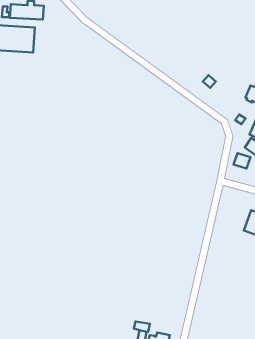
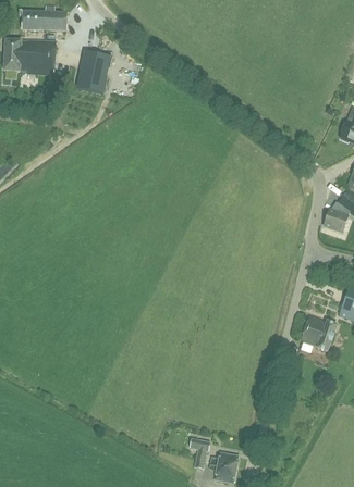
building: none -> [76,50,109,91]
building: none -> [301,315,337,350]

